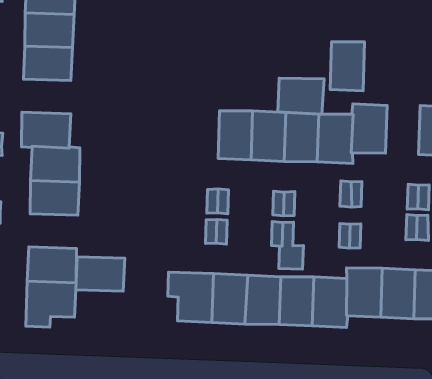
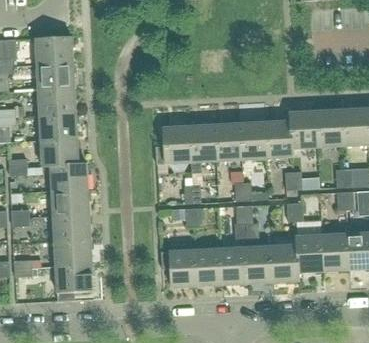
building: [330,42,365,91] -> [315,109,342,147]
building: [278,78,324,114] -> none
building: none -> [39,113,77,140]
building: none -> [155,126,191,164]
building: [76,257,125,291] -> [53,214,90,241]

